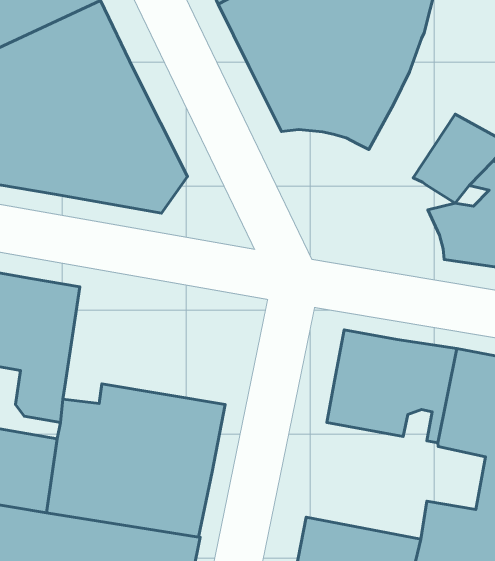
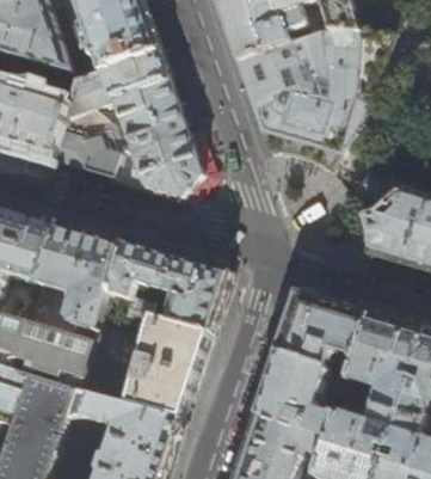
building: none -> [103,241,229,332]
building: none -> [254,352,349,438]

